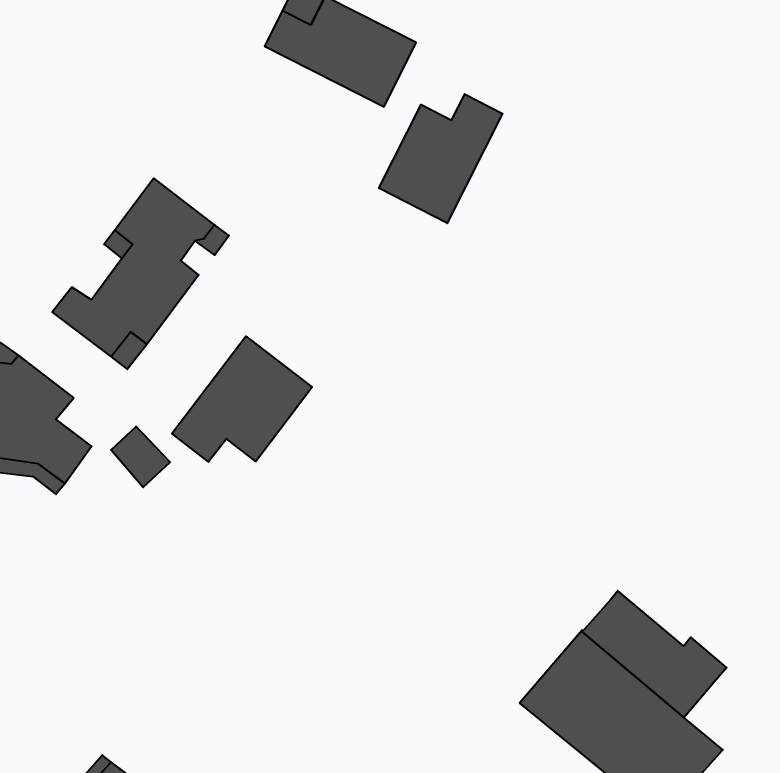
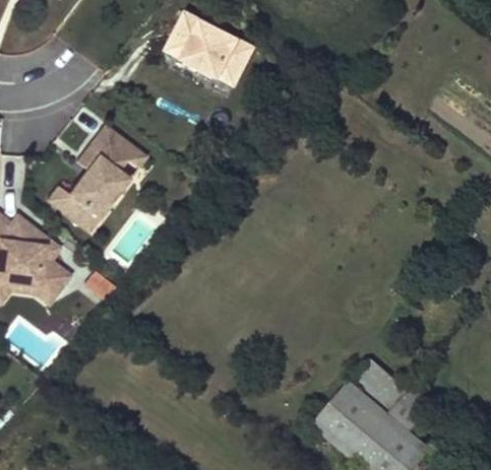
building: [379,94,503,223] -> none
building: [172,336,312,462] -> none

